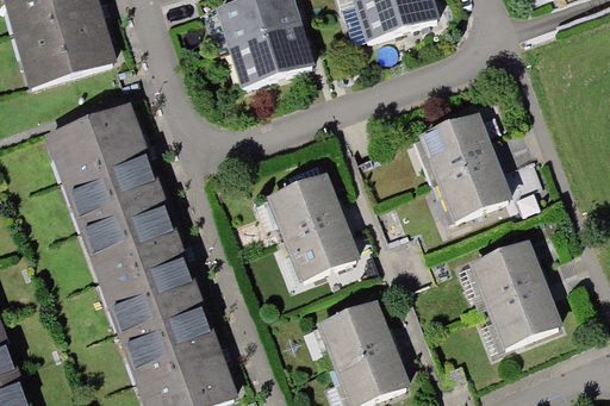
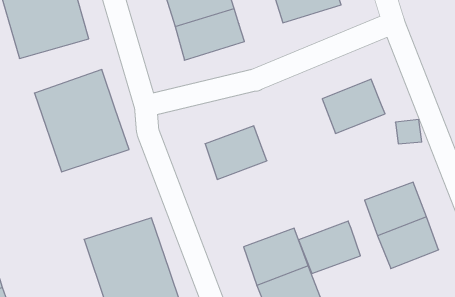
building: [430,155,509,221] -> none
building: [82,200,197,314] -> none
building: [280,214,359,281] -> [299,221,360,274]

